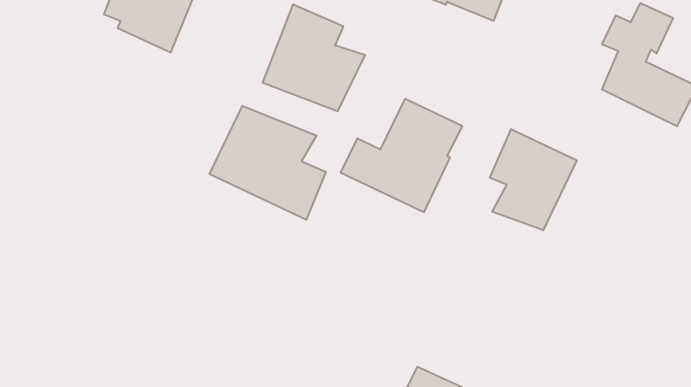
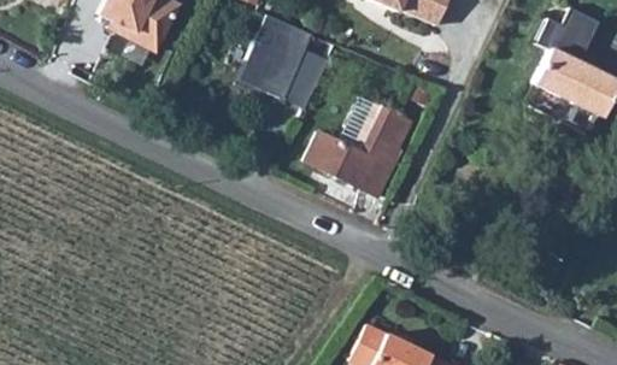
building: [210,106,326,220] -> none
building: [490,129,577,230] -> none

